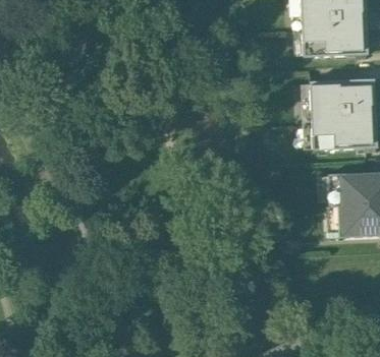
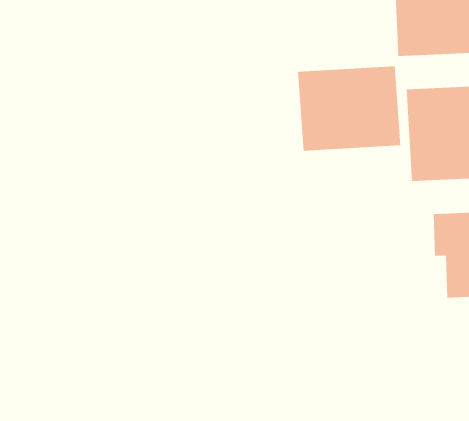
building: none -> [297,65,401,151]

